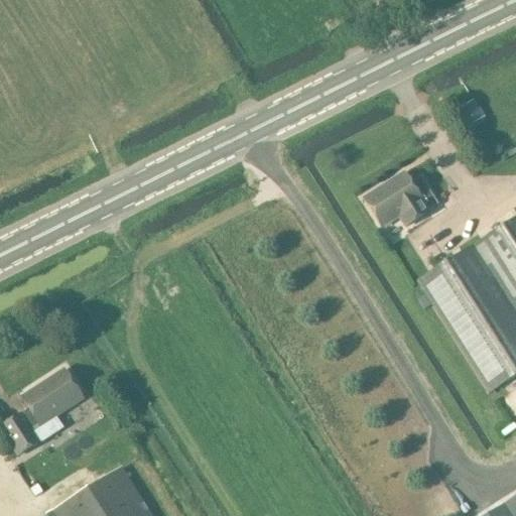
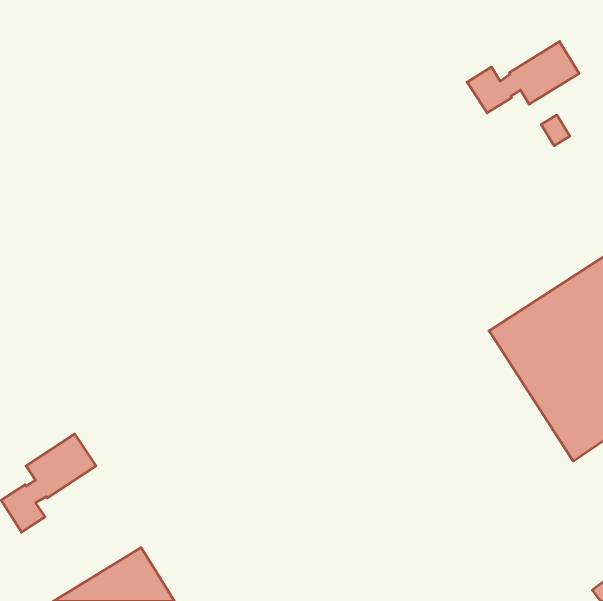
building: none -> [467,41,579,113]
building: [366,172,435,226] -> none

